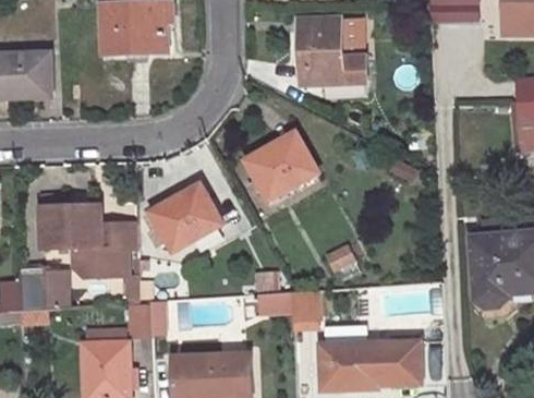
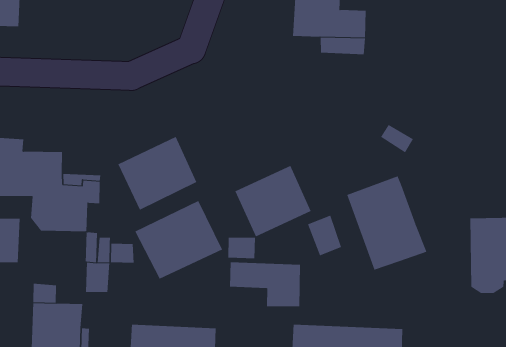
building: [246,131,317,198] -> [235,165,312,237]
building: none -> [347,175,427,271]
building: none -> [134,200,223,280]

